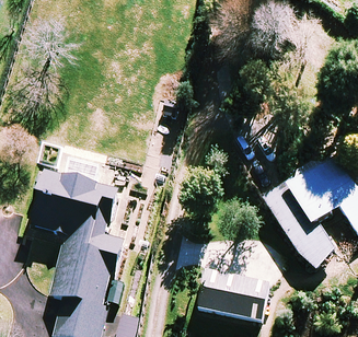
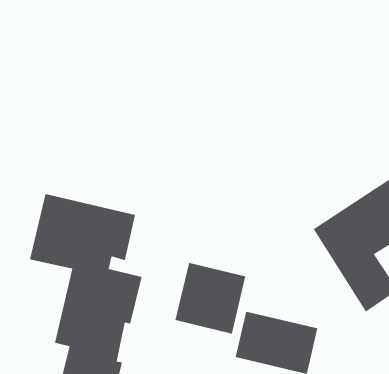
building: none -> [175,262,246,334]

